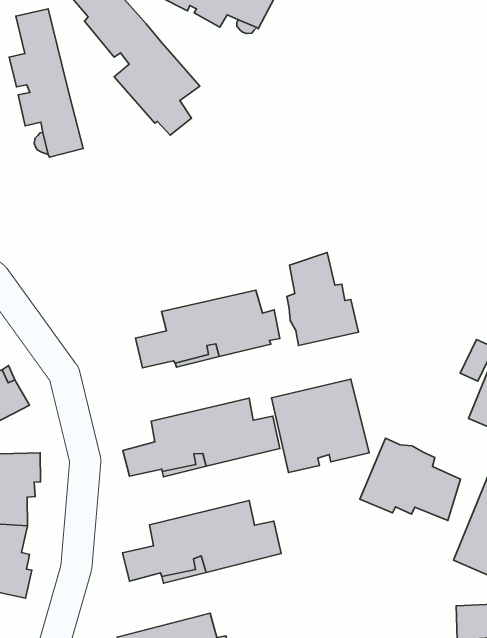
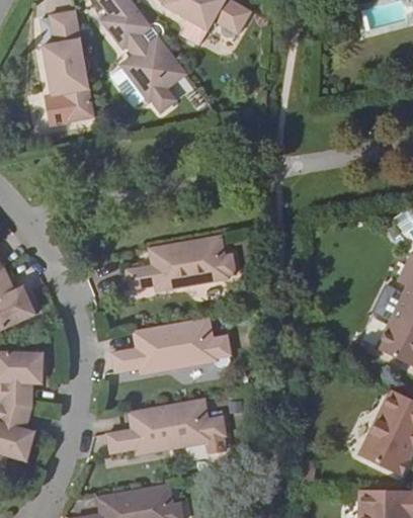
building: [287,253,358,345] -> none
building: [271,379,369,472] -> none
building: [360,438,460,521] -> none

